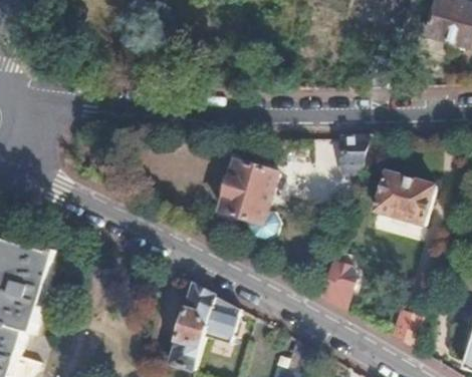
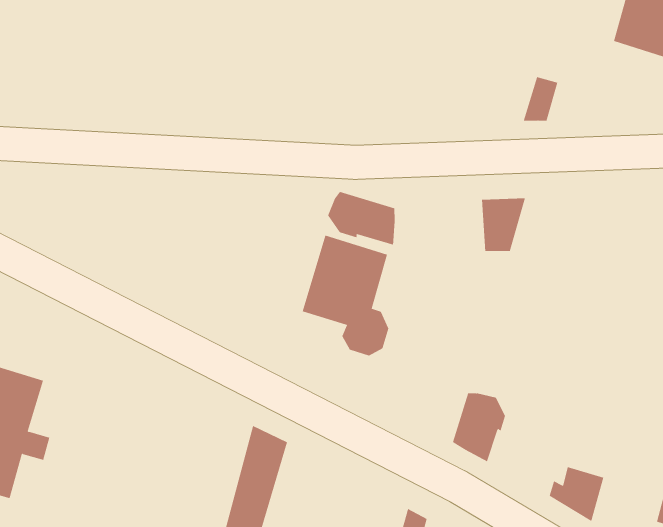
building: none -> [327,191,395,245]
building: [374,169,433,223] -> none
building: [203,295,238,343] -> none

